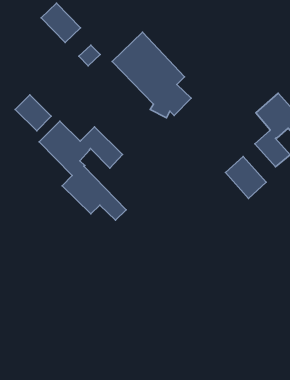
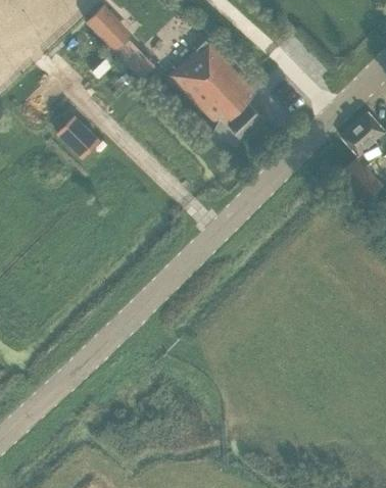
building: [39,121,126,220] -> none
building: [225,156,266,198] -> none

